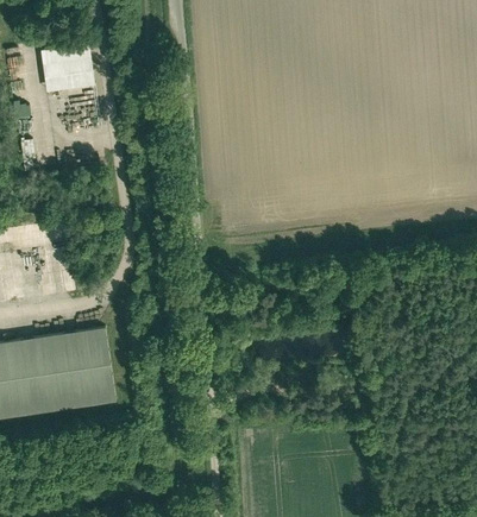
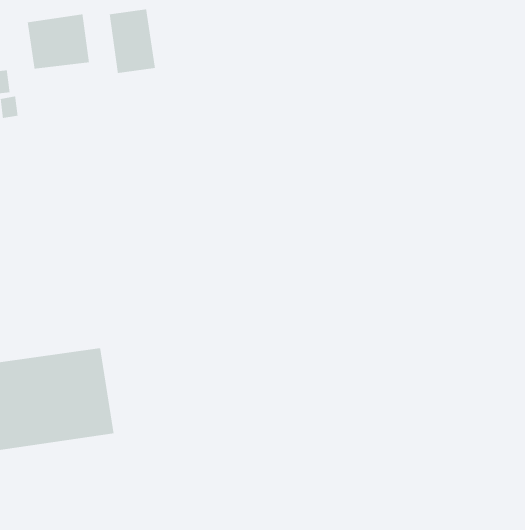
building: none -> [109,9,156,74]

